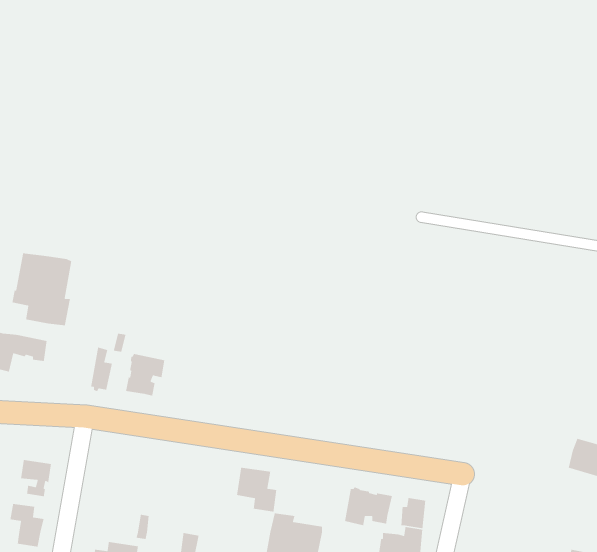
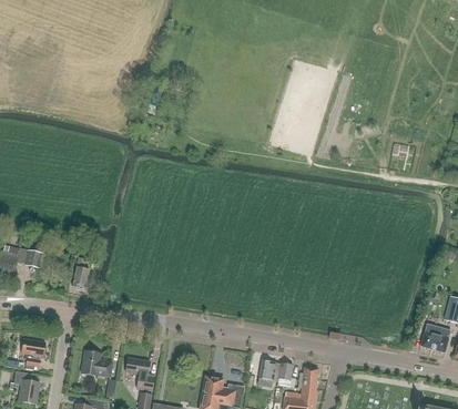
building: [12,252,72,326] -> none
building: [125,353,165,397] -> none
building: [236,467,277,512] -> [124,357,154,390]
building: none -> [81,350,112,376]

